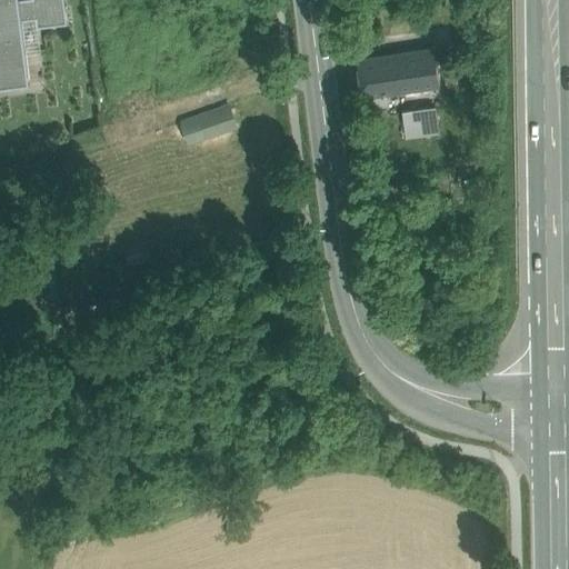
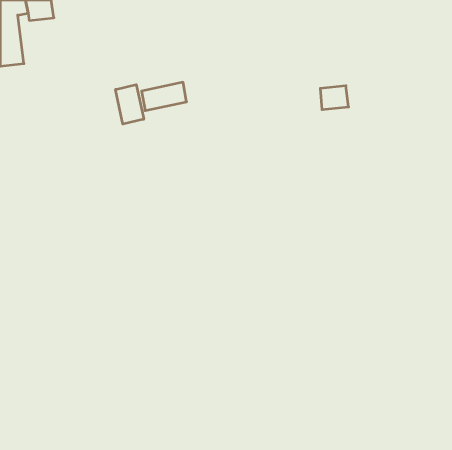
building: [357,51,440,112] -> none
building: none -> [116,85,144,124]

